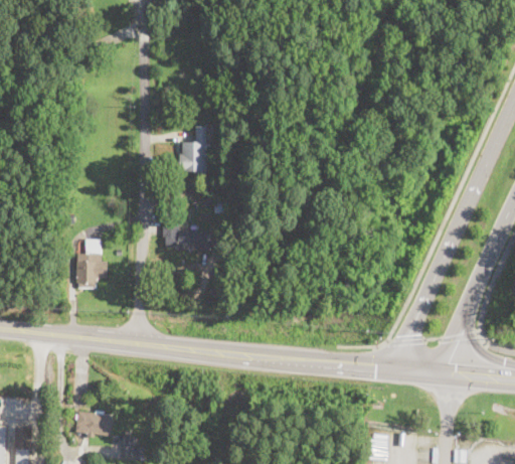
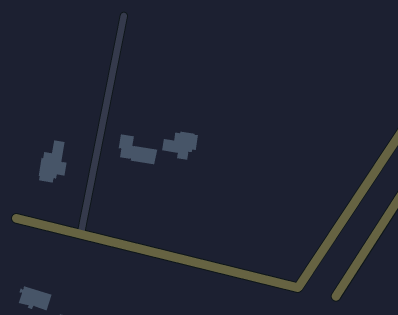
building: [179,136,205,170] -> none
building: none -> [161,131,199,160]

